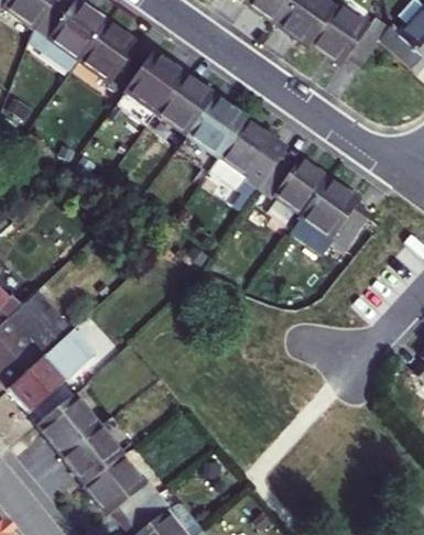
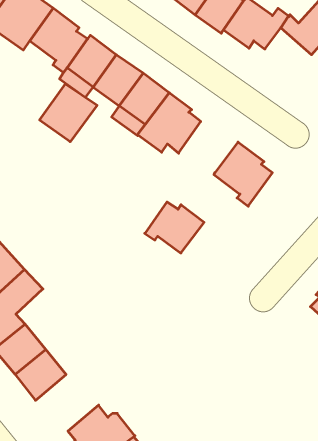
building: none -> [40,84,97,142]
building: [256,153,326,214] -> [145,202,204,253]
building: [86,452,161,520] -> none

